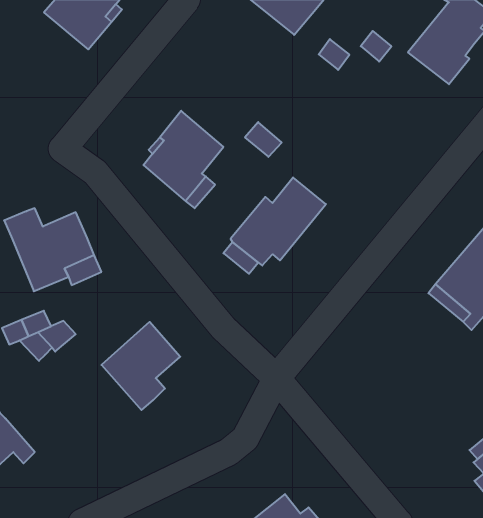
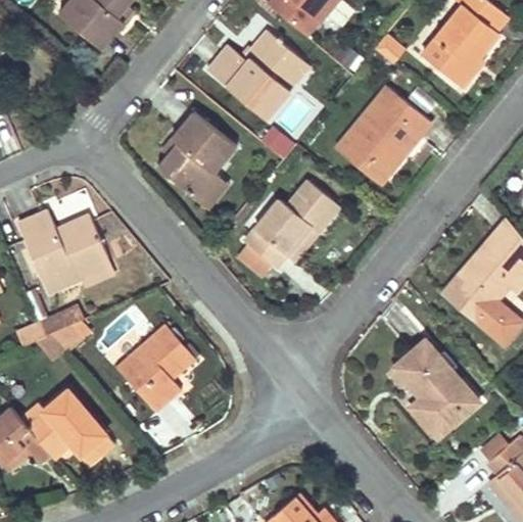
building: none -> [207,30,311,118]
building: none -> [336,86,431,184]
building: none -> [394,339,477,437]
building: none -> [19,389,113,464]

